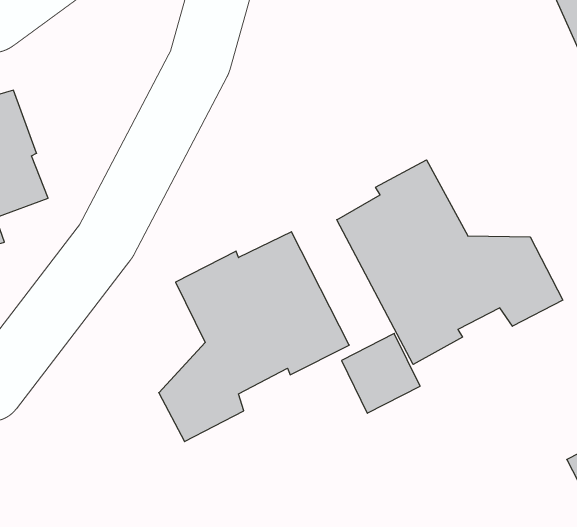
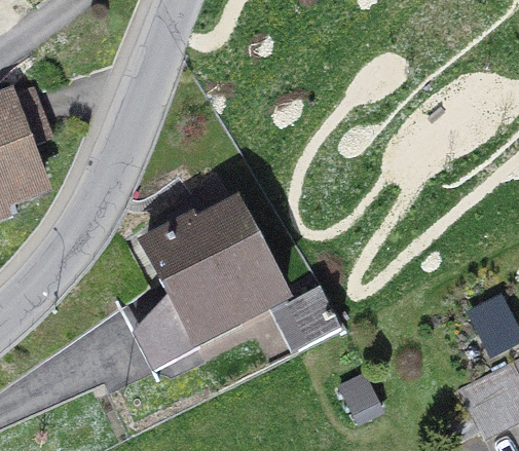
building: [337,160,563,364] -> none

